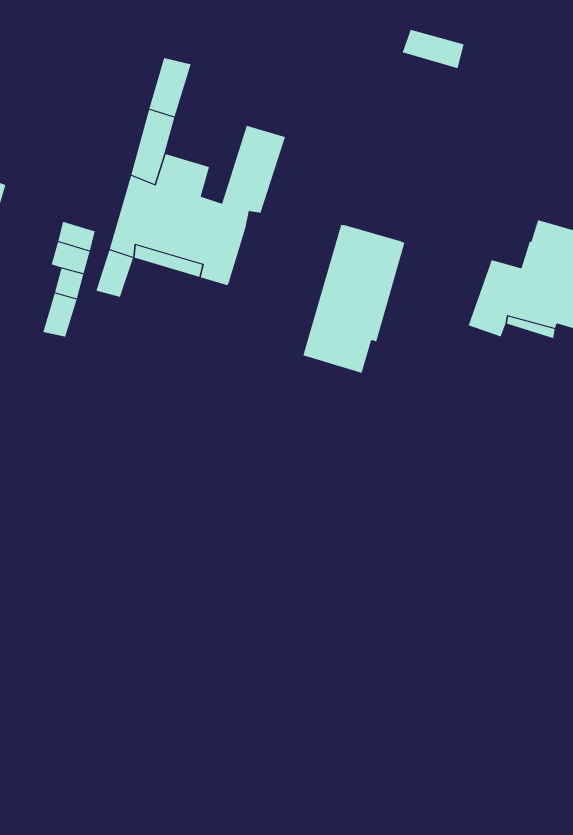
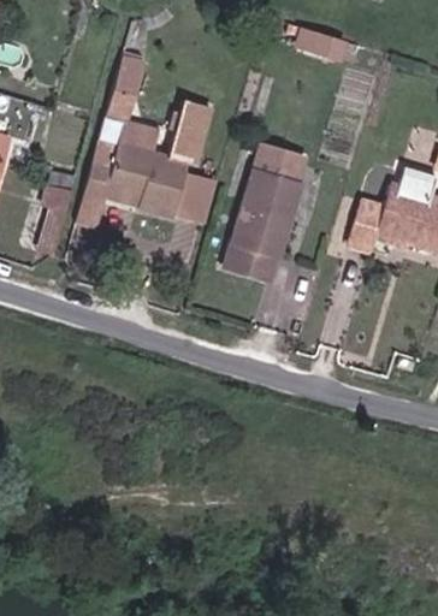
building: none -> [256,146,306,183]
building: none -> [173,173,217,223]

